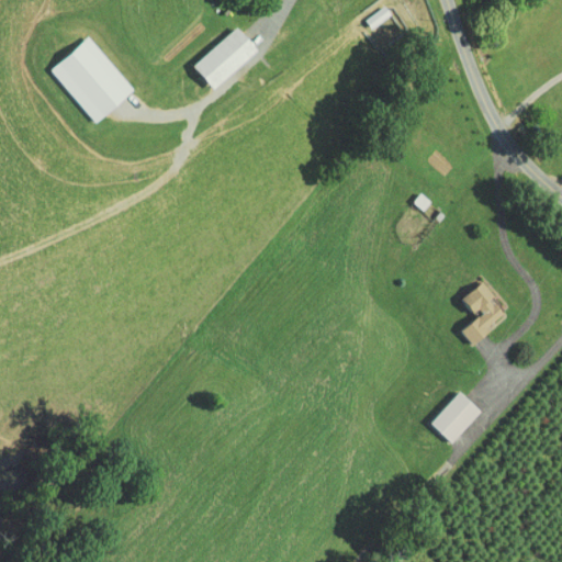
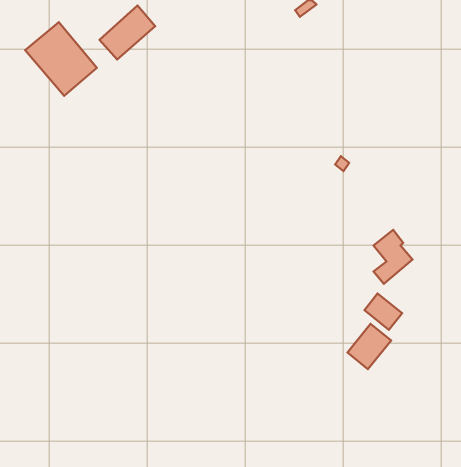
building: [189,27,255,91] -> [99,6,155,60]
building: none -> [364,293,402,330]

